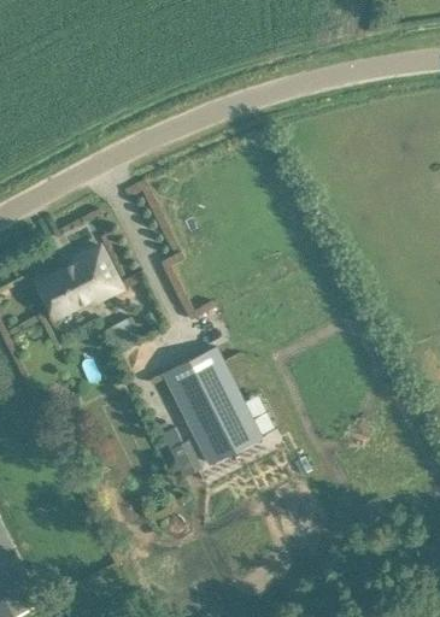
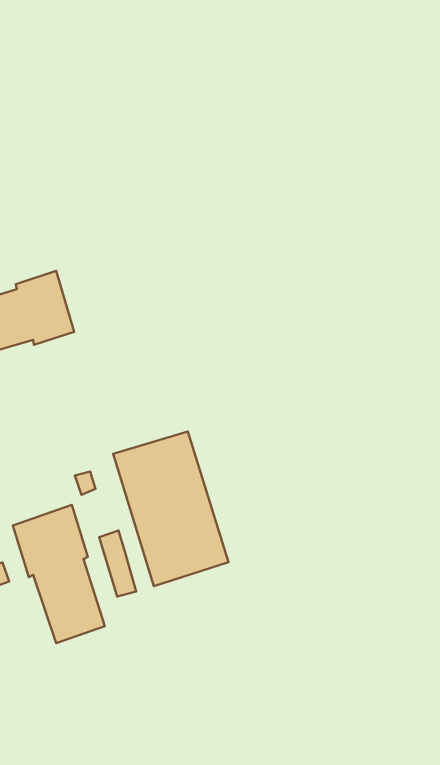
building: none -> [13,505,105,643]

